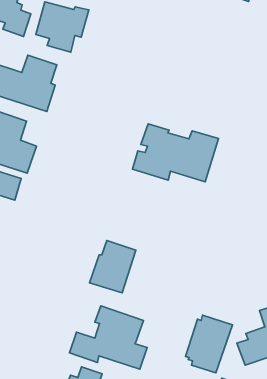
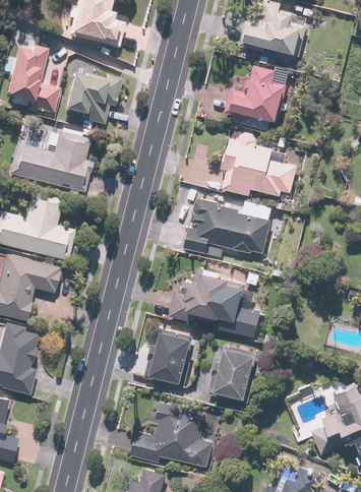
building: none -> [226,66,284,120]
building: none -> [222,138,299,197]
building: none -> [171,270,264,339]
building: [186,315,233,373] -> [209,343,258,405]

